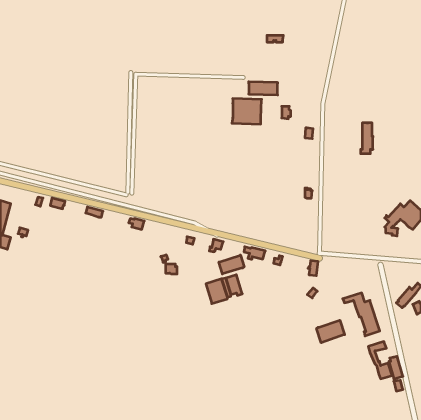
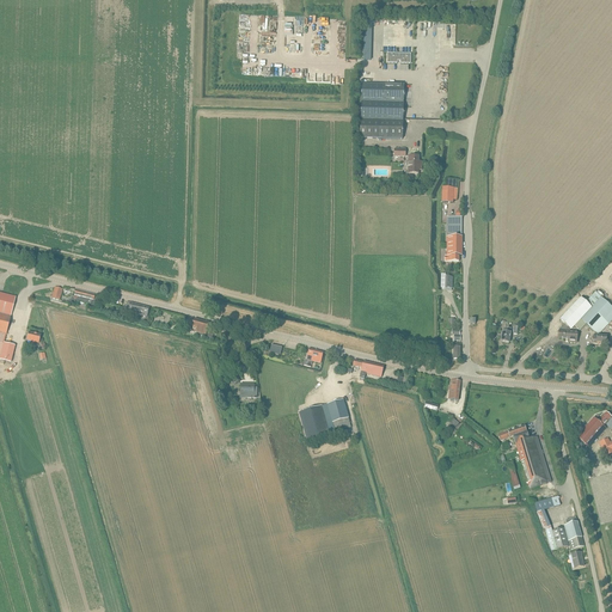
building: [232,99,262,124] -> [361,82,404,120]
building: [361,123,373,154] -> [445,215,463,259]
building: [219,255,244,274] -> none
building: [317,320,345,343] -> none

